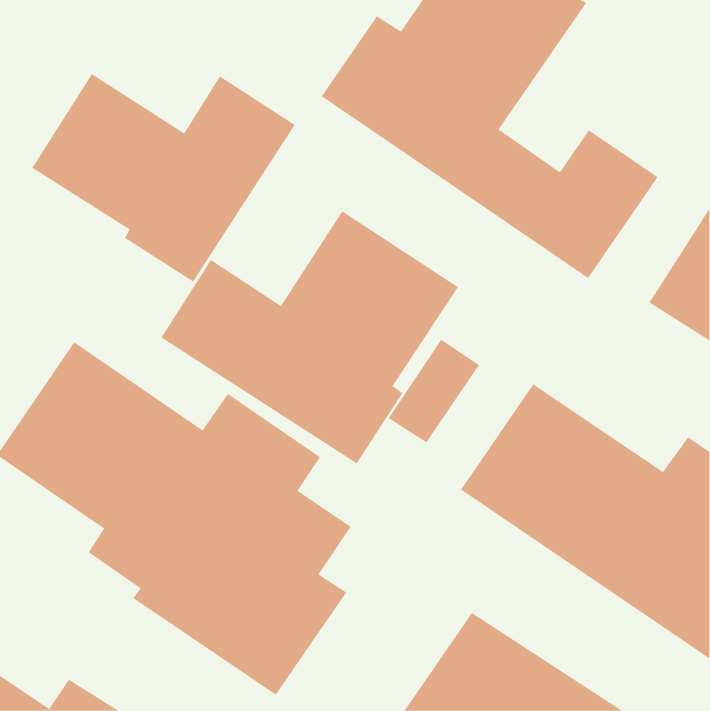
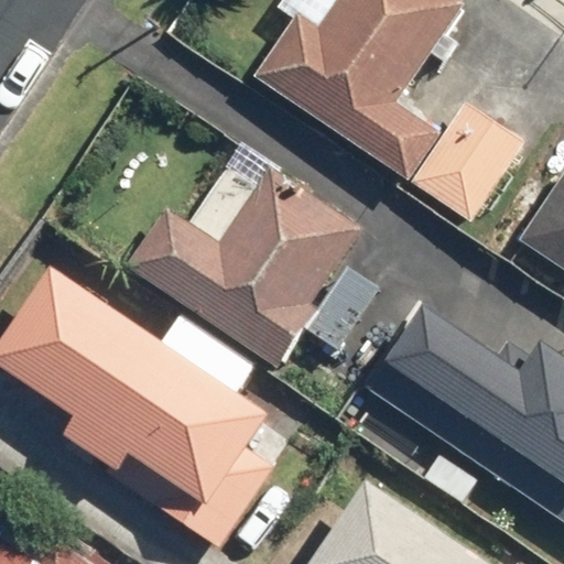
building: [32,73,295,283] -> none

